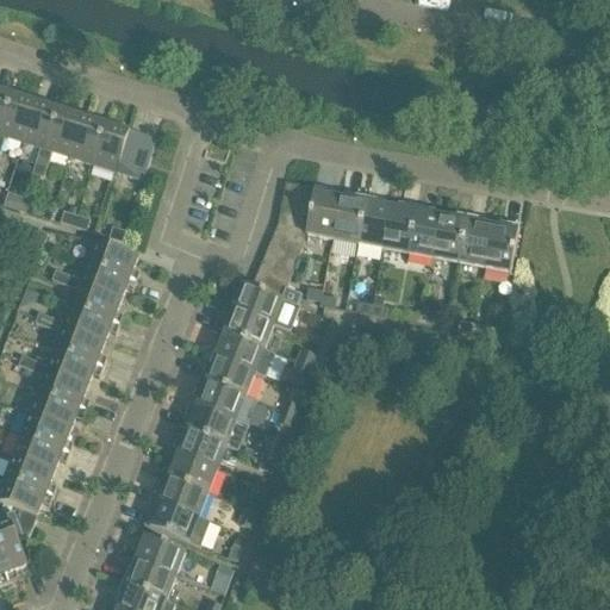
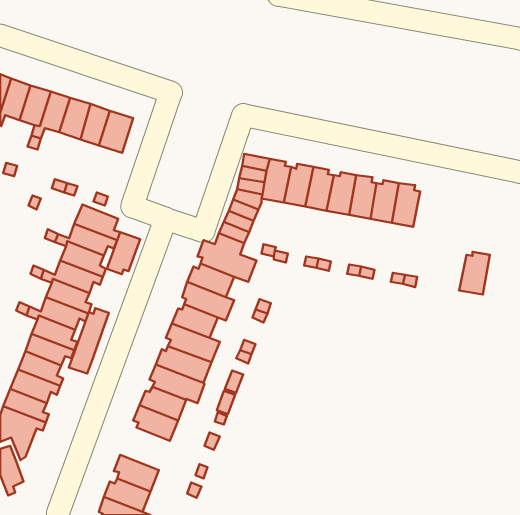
building: [484,220,519,270] -> [459,252,490,295]
building: none -> [107,232,140,274]
building: none -> [69,308,109,373]
building: [144,500,211,546] -> none

